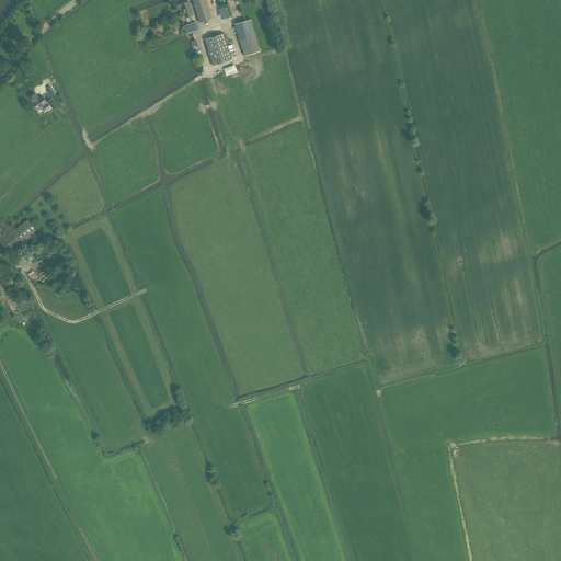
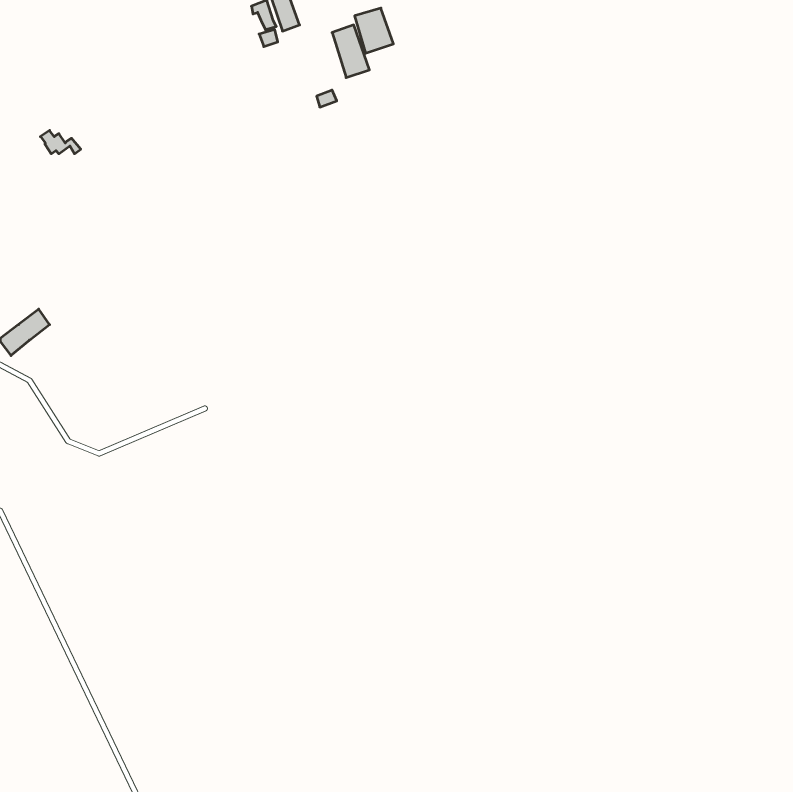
building: [205,33,232,65] -> [355,8,393,53]

